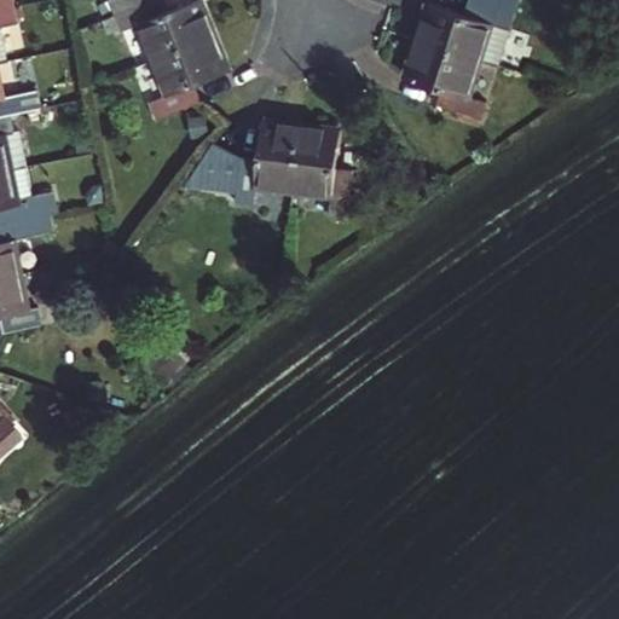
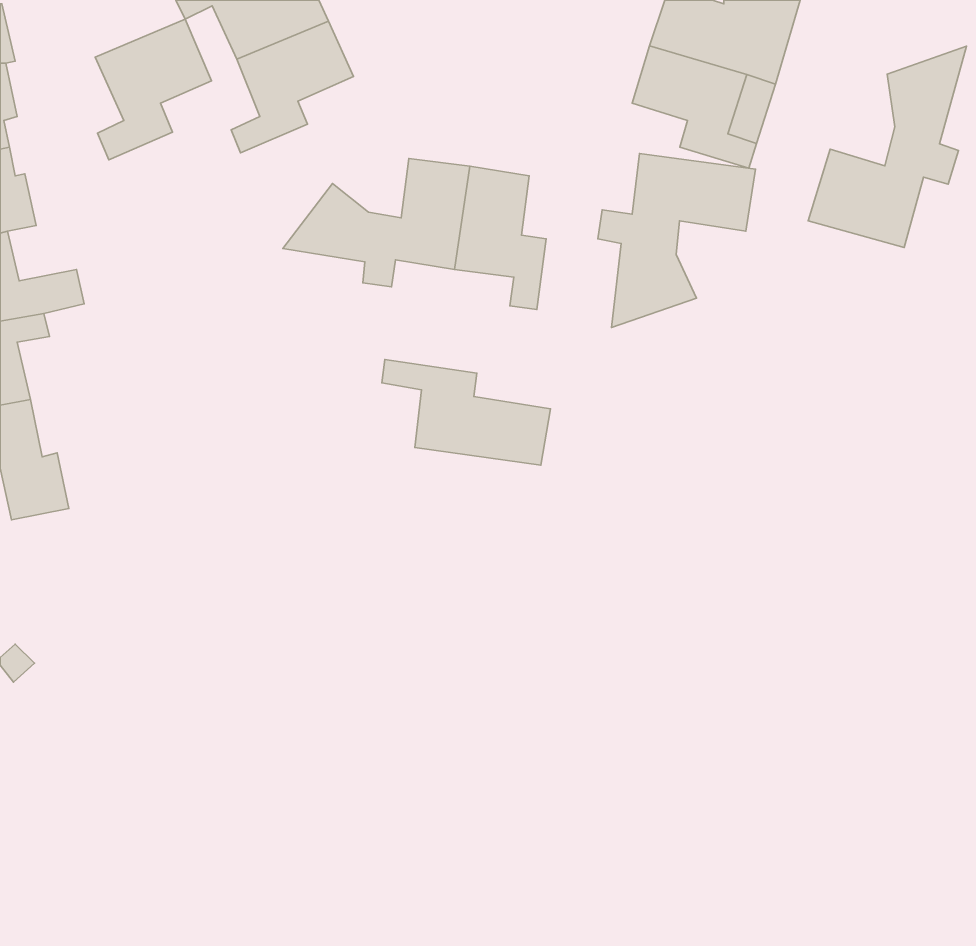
building: none -> [95,19,212,160]
building: none -> [808,46,966,248]
building: none -> [598,153,756,328]
building: none -> [382,360,551,465]

